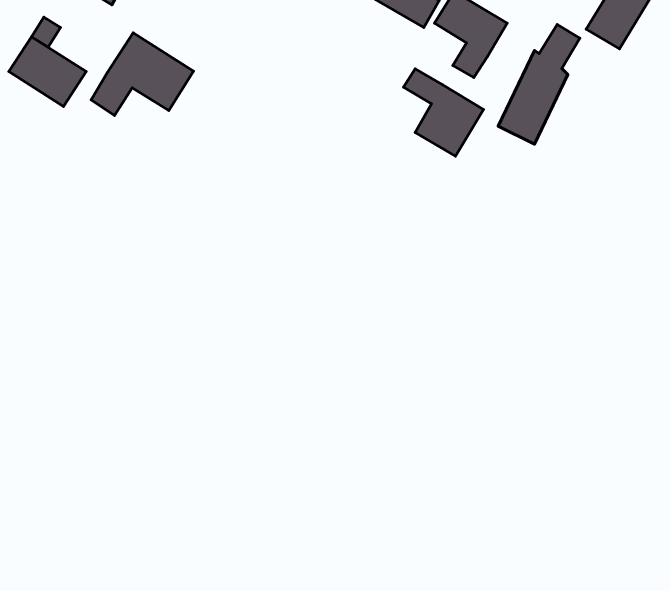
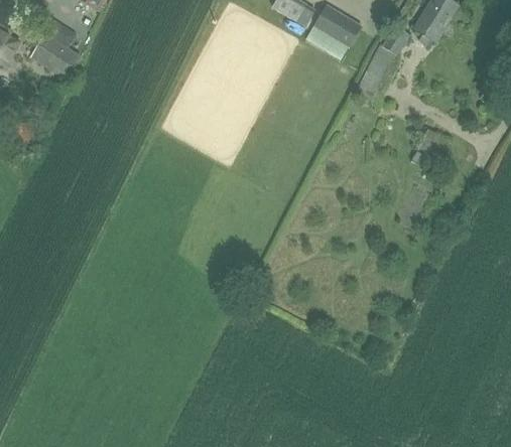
building: [91,33,193,116] -> none
building: [403,69,483,156] -> none

